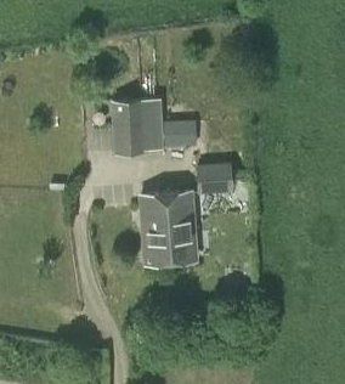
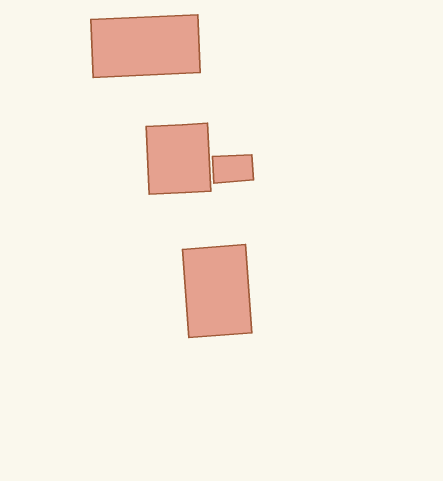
building: none -> [91,15,200,78]
building: [198,166,233,196] -> none

